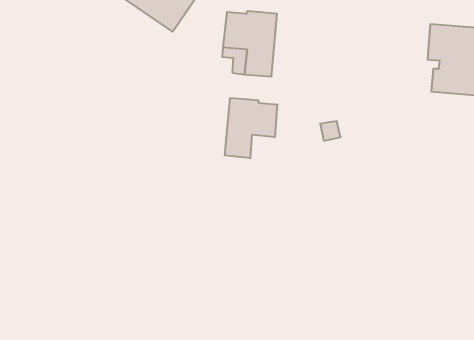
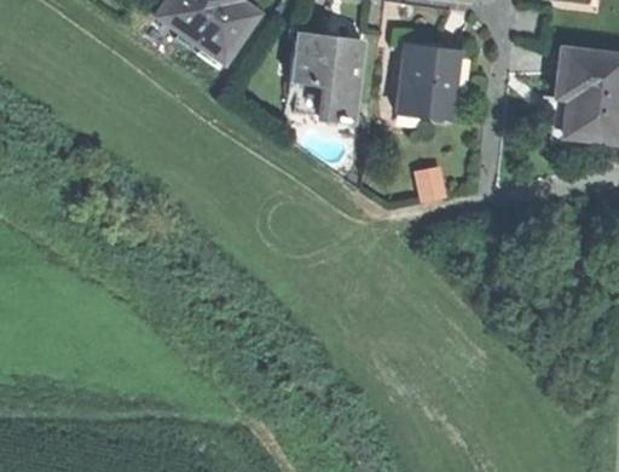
building: none -> [397,44,461,120]
building: [225,98,277,158] -> none

